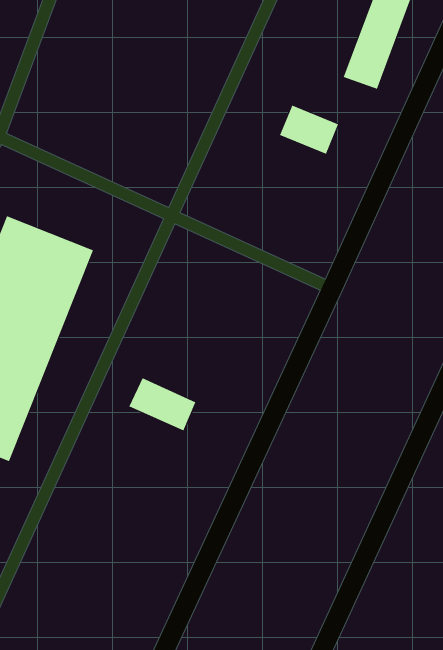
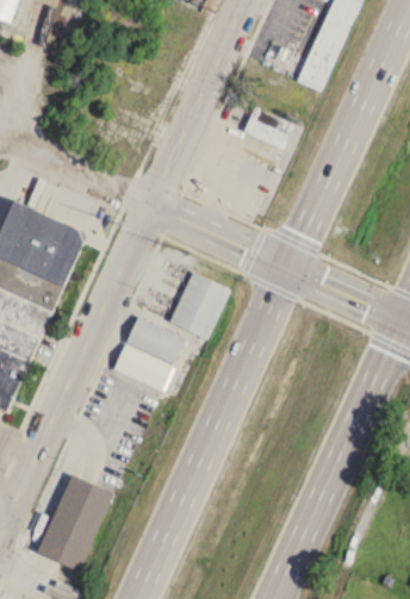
building: none -> [169,270,231,337]
building: none -> [126,314,186,362]
building: none -> [37,473,114,570]

